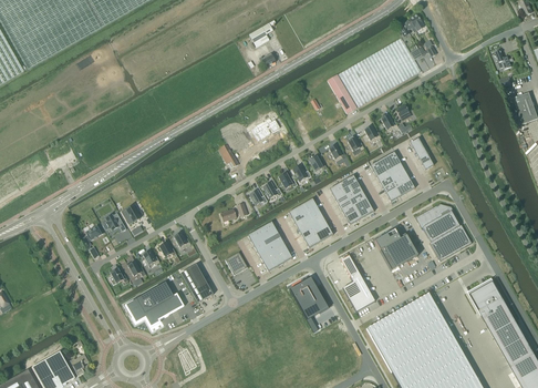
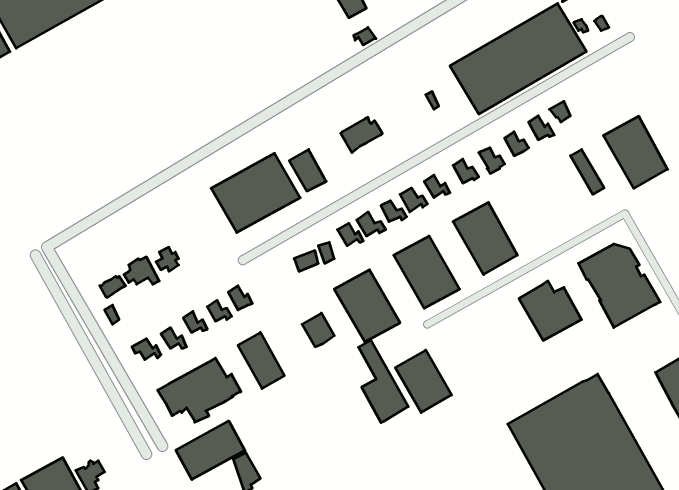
building: none -> [211,153,300,233]
building: [370,151,414,201] -> [603,116,668,188]
building: [340,255,374,312] -> [358,341,408,423]
building: none -> [176,421,245,480]

